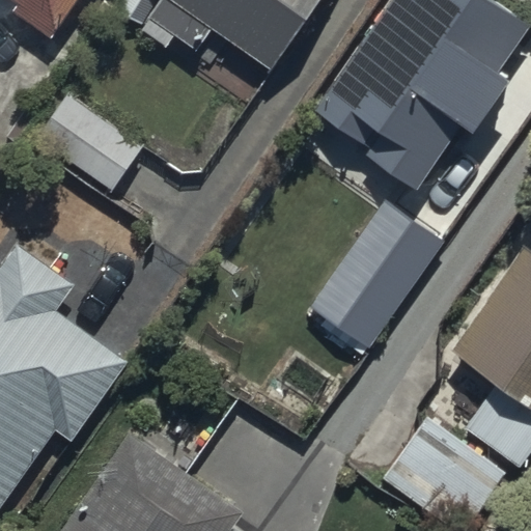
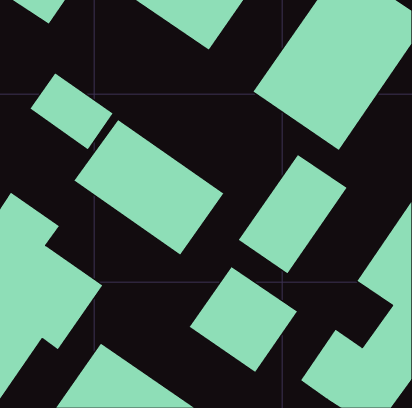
building: none -> [74,119,224,256]
building: none -> [189,266,298,373]

